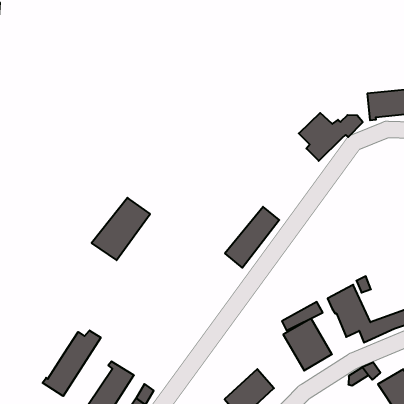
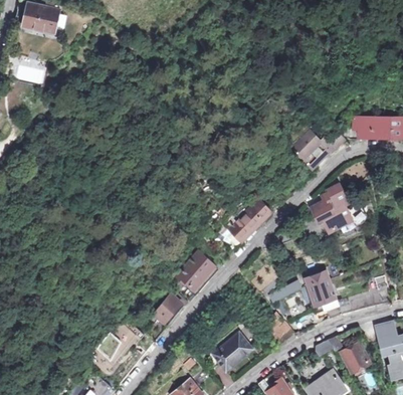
building: none -> [310,184,350,233]
building: [92,198,150,260] -> [169,248,219,299]
building: none -> [154,290,184,323]
building: [43,330,101,396] -> none

